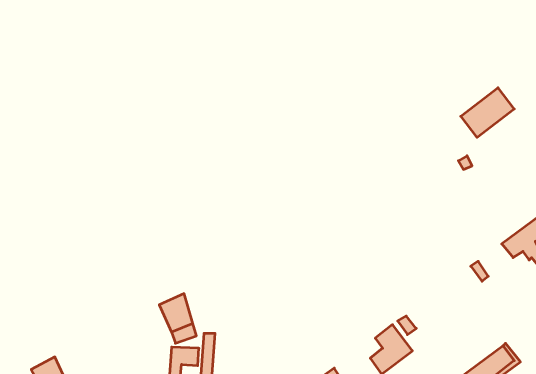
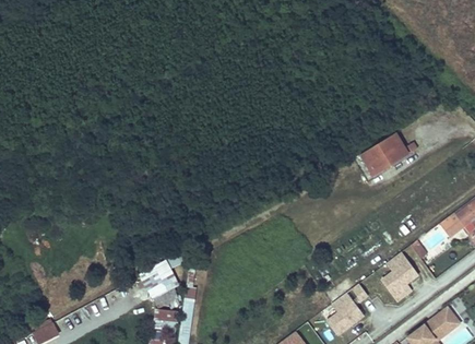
building: [461,88,514,137] -> [359,137,406,180]
building: none -> [381,250,421,303]

